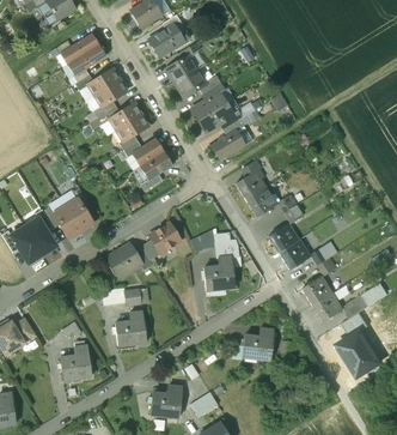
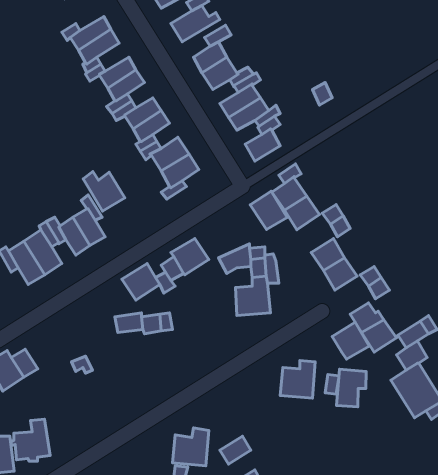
building: none -> [83,171,125,211]
building: none -> [250,191,287,230]
building: none -> [332,322,369,359]
building: [116,309,147,344] -> none
building: none -> [336,369,366,407]
building: [59,344,92,380] -> [11,419,50,461]

